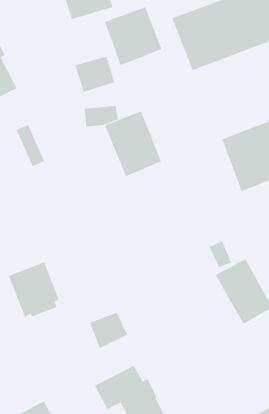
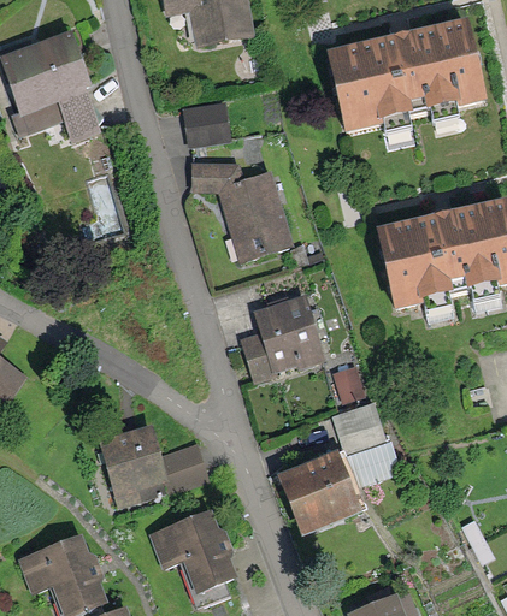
building: [104,6,162,66] -> none
building: none -> [240,296,318,372]
building: [8,261,59,317] -> [100,433,164,505]
building: none -> [273,451,359,537]

